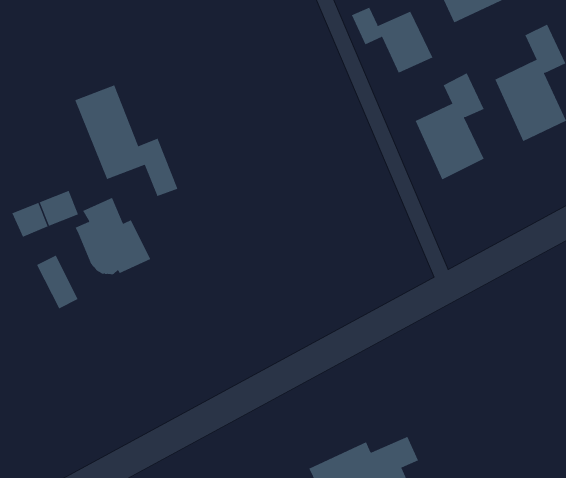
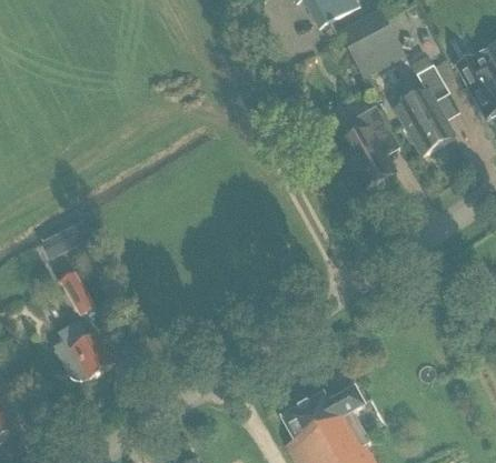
building: [351,7,433,74] -> none
building: [74,84,178,197] -> none
building: [75,197,151,275] -> [52,321,112,380]

